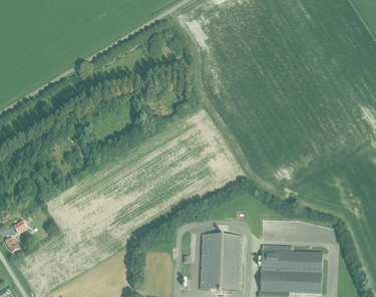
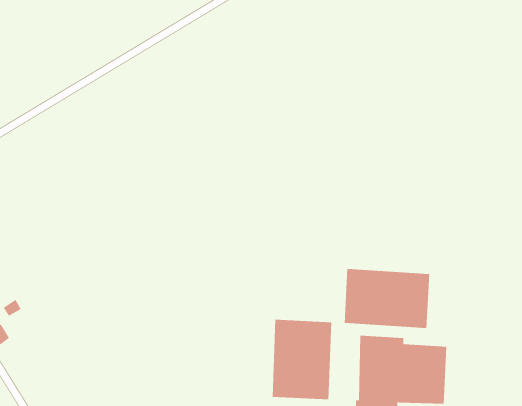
building: none -> [344,268,430,329]

